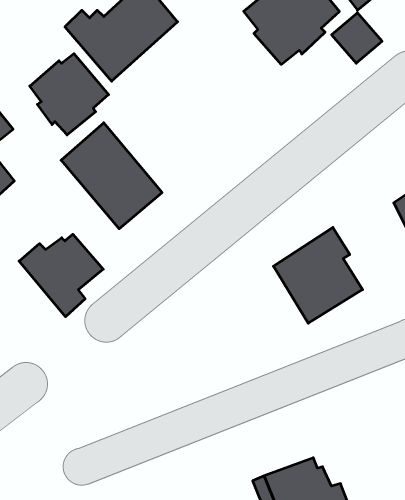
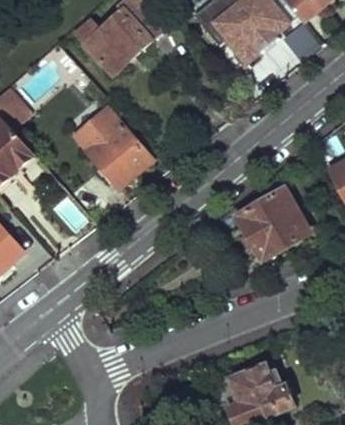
building: [30,54,109,135] -> none
building: [19,234,103,317] -> none

